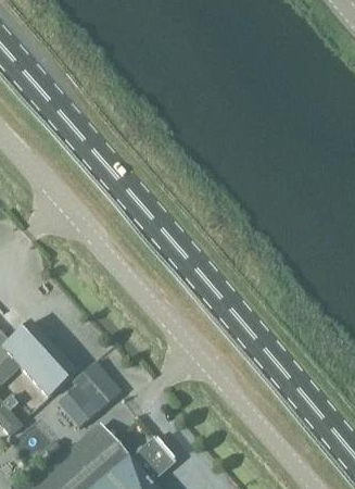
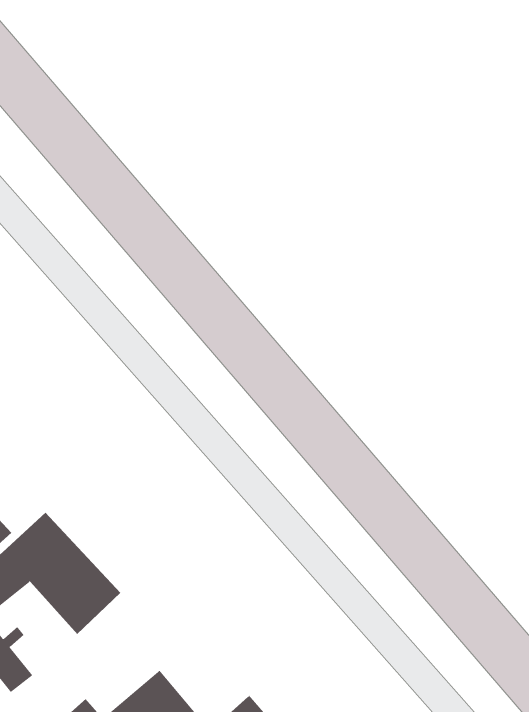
building: [58,361,123,427] -> none

